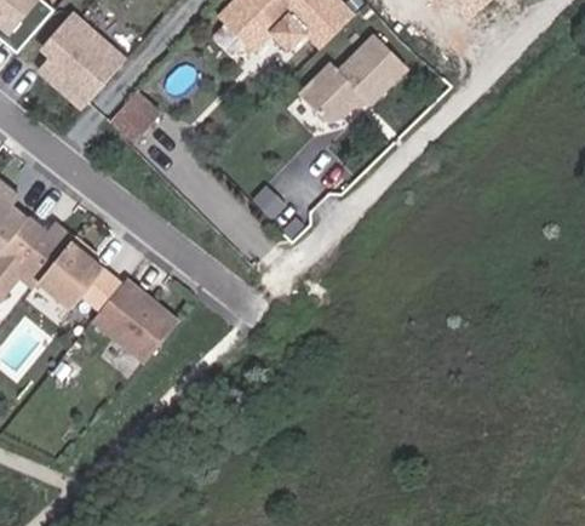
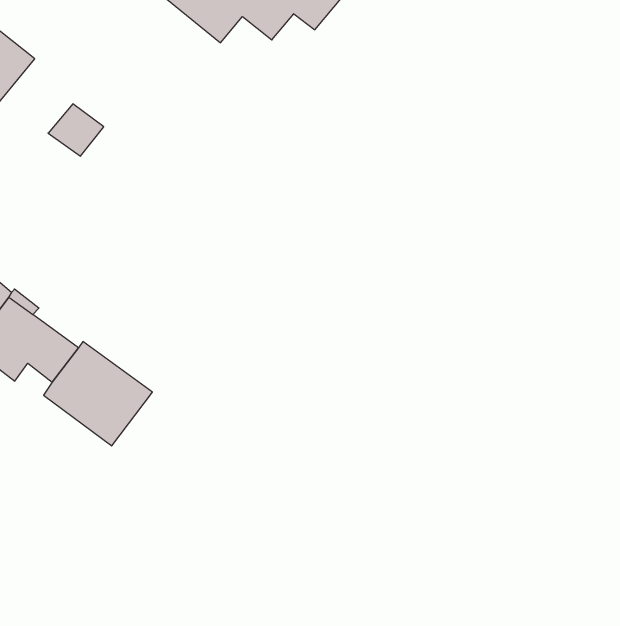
building: [302,34,407,121] -> none

